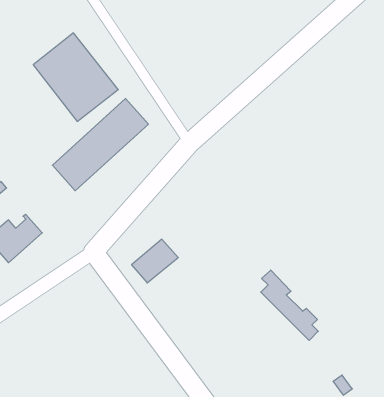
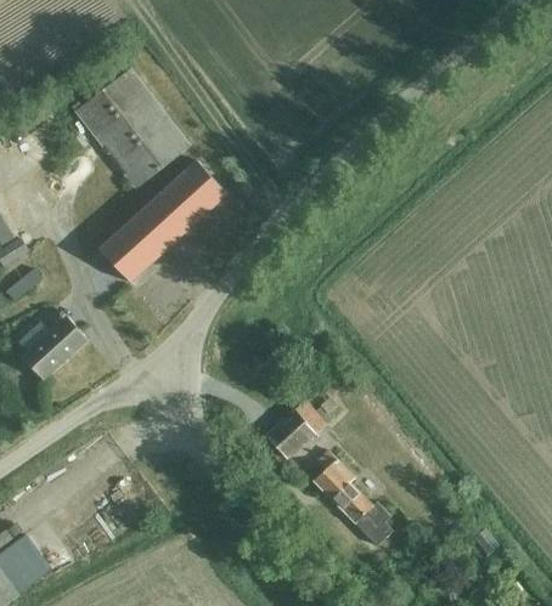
building: [132,239,178,283] -> [265,402,327,460]
building: [261,270,318,340] -> [314,453,390,546]

